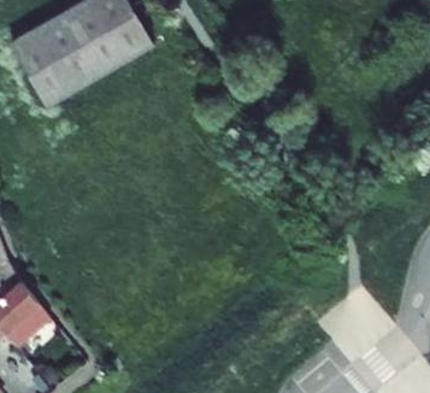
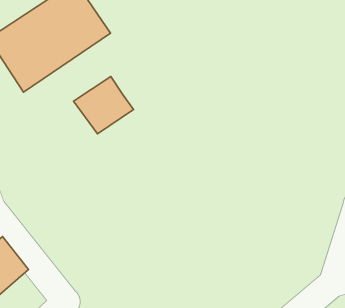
building: none -> [73,76,134,134]

